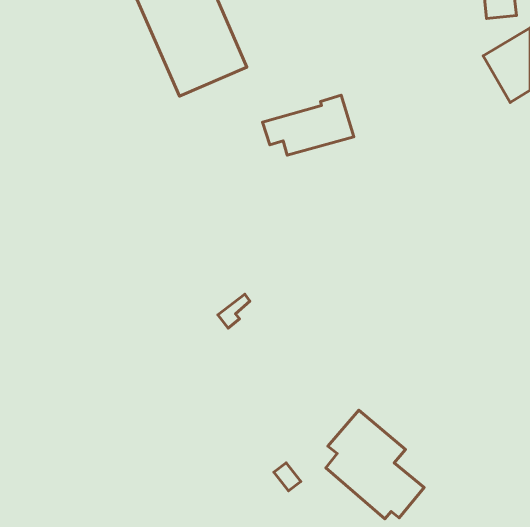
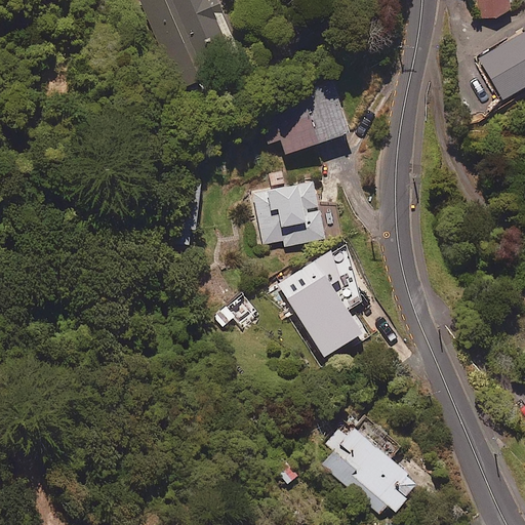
building: none -> [253,181,341,245]
building: none -> [277,242,361,358]

